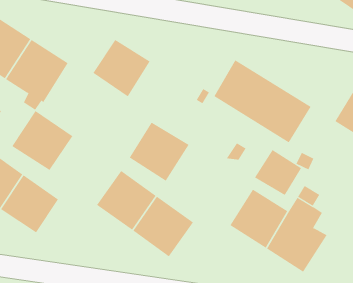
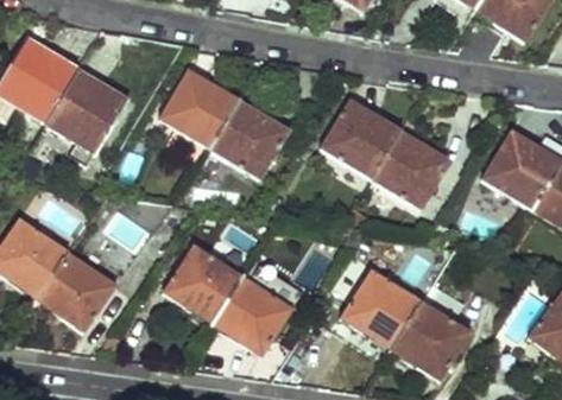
building: [11,110,73,171] -> none
building: [129,122,189,181] -> [206,99,286,178]
building: [254,149,302,196] -> none

